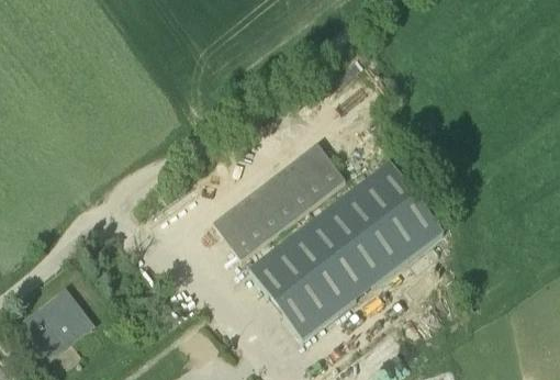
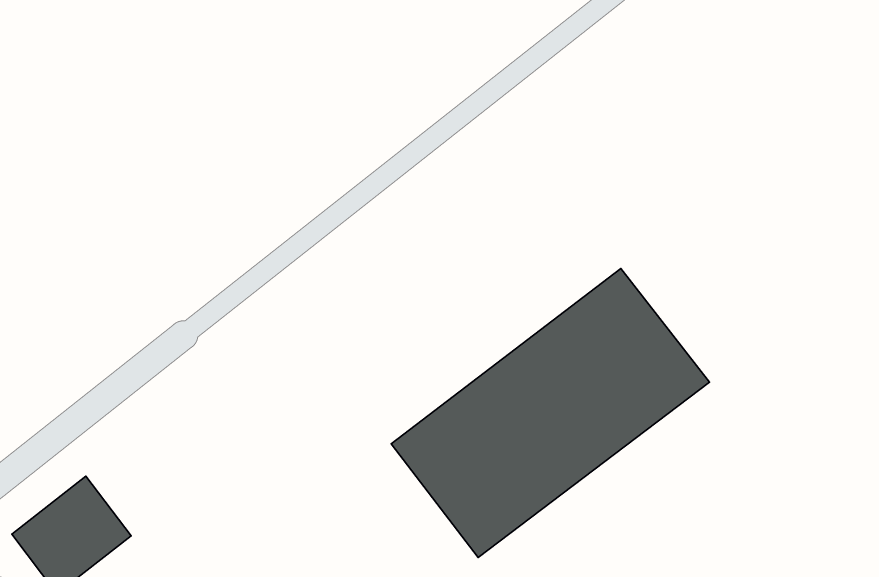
building: [213,144,346,260] -> none

